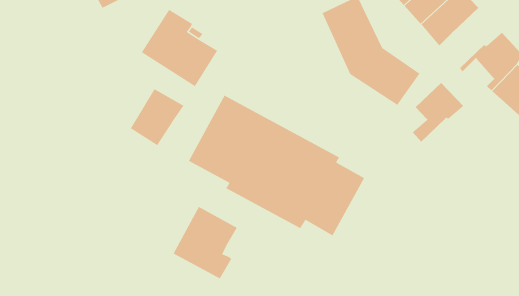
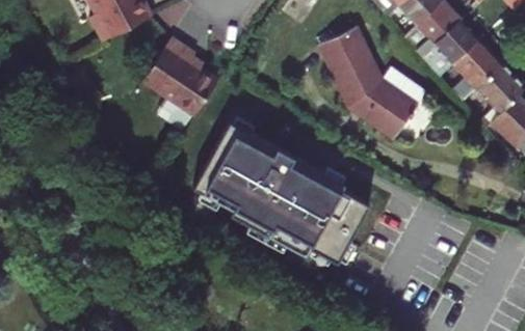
building: [412,82,464,143] -> [450,39,502,100]
building: [130,88,184,146] -> none
building: [173,206,238,279] -> none

